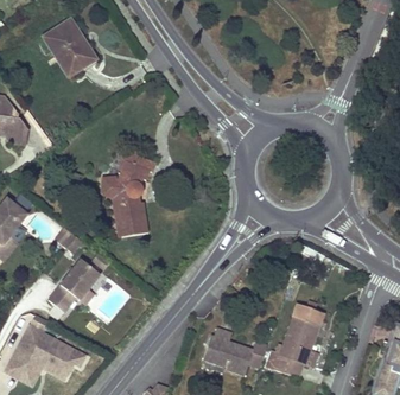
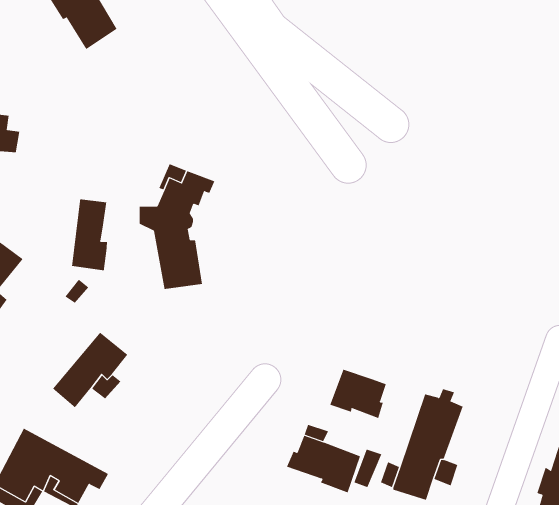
building: none -> [72,199,108,271]
building: none -> [330,369,386,419]

